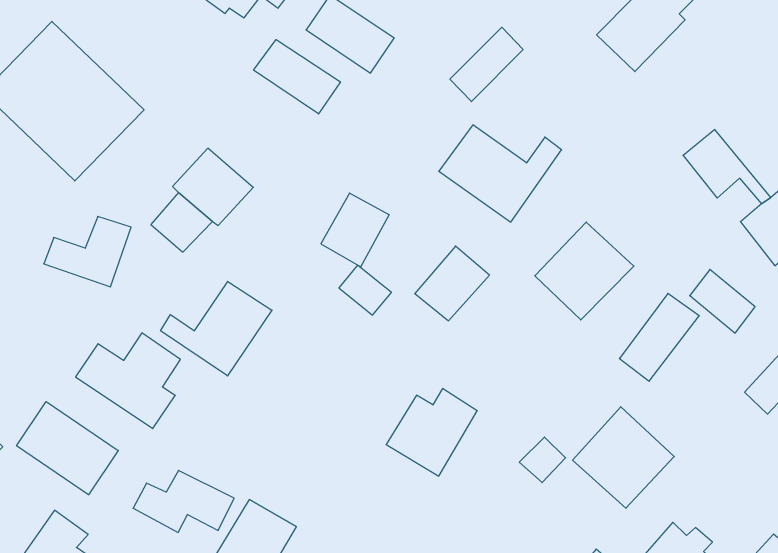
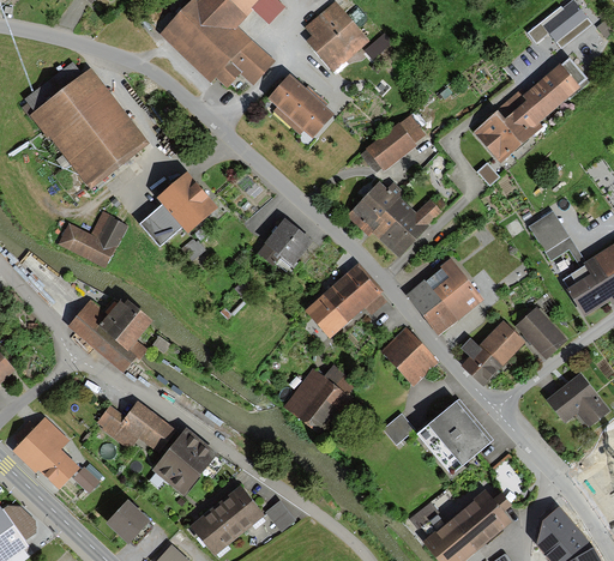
building: [254,40,340,114] -> none
building: [339,265,391,315] -> [306,298,343,336]
building: [161,281,272,376] -> none
building: none -> [383,331,435,384]
building: [17,402,118,495] -> none

